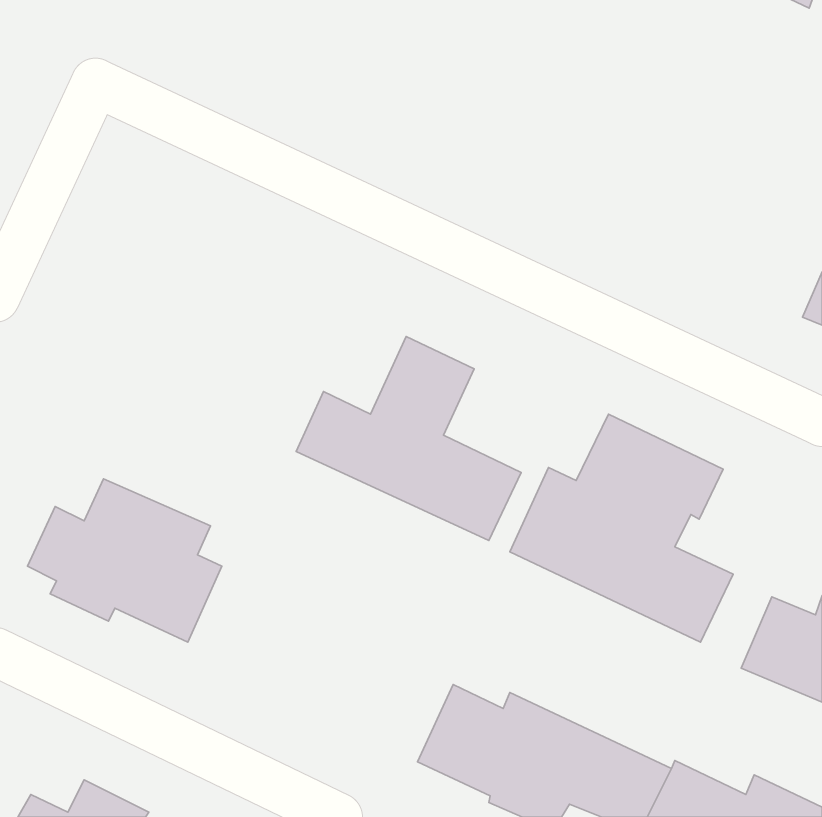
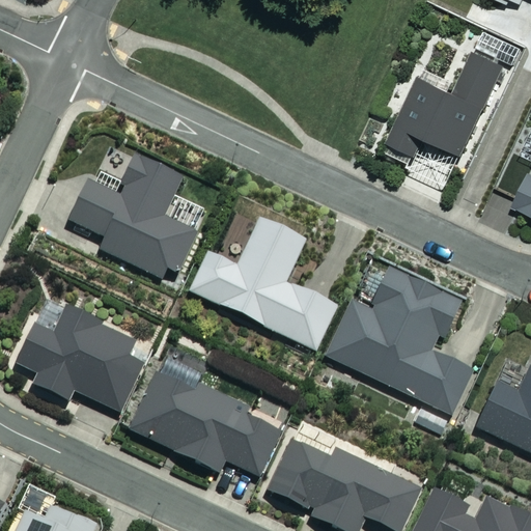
building: none -> [385,24,516,157]
building: none -> [68,155,208,276]
building: none -> [132,360,283,475]

